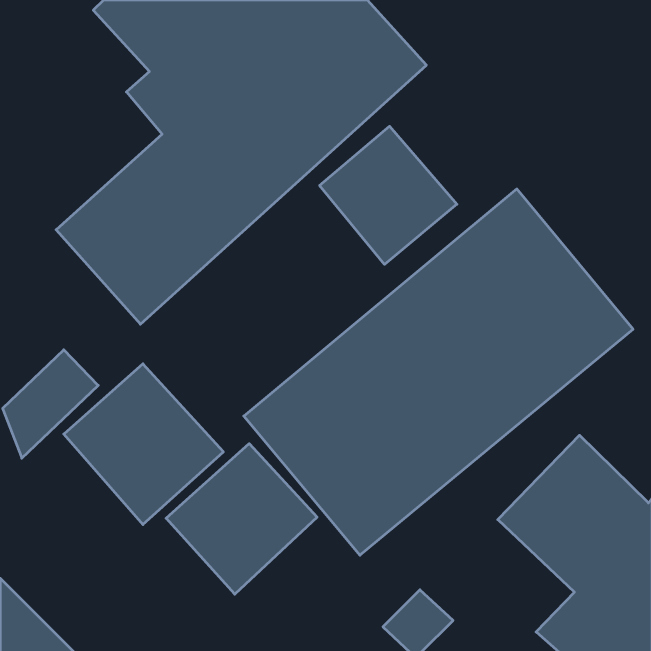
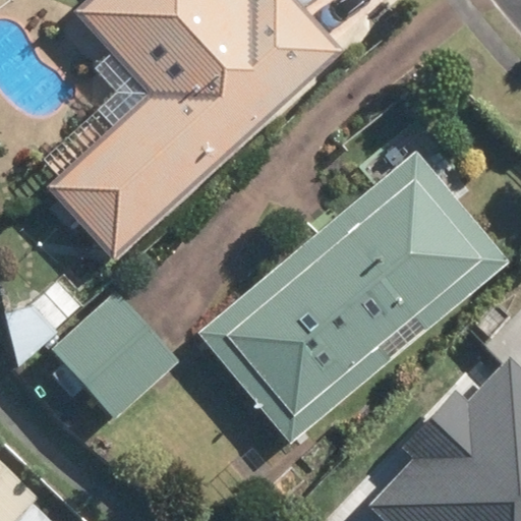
building: [320,126,457,264] -> none
building: [166,444,317,594] -> none

